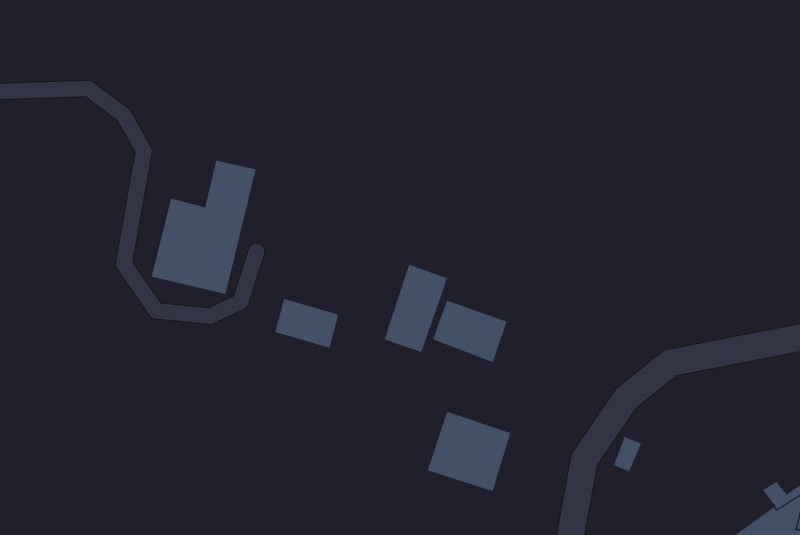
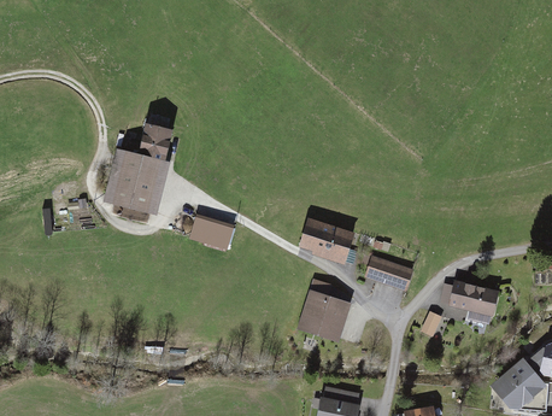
building: [384,264,448,353] -> none
building: none -> [365,254,410,286]
building: none -> [441,281,497,322]

